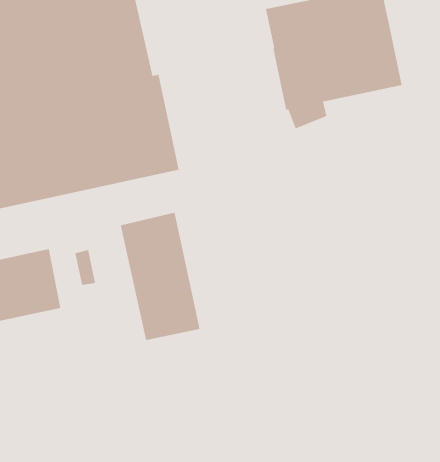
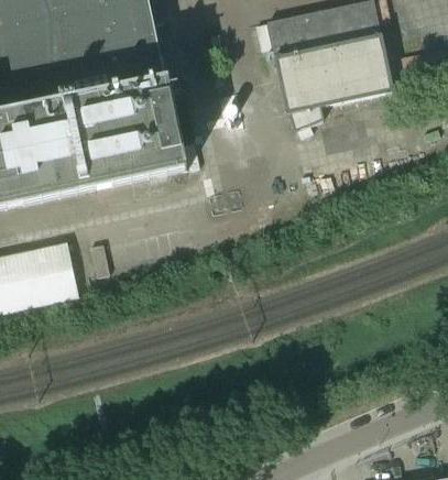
building: [120,212,200,341] -> none

